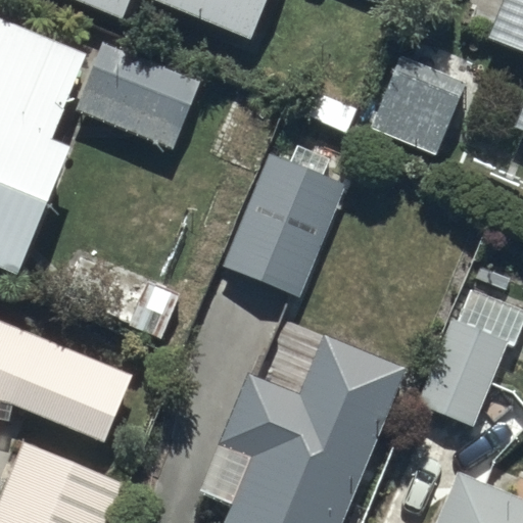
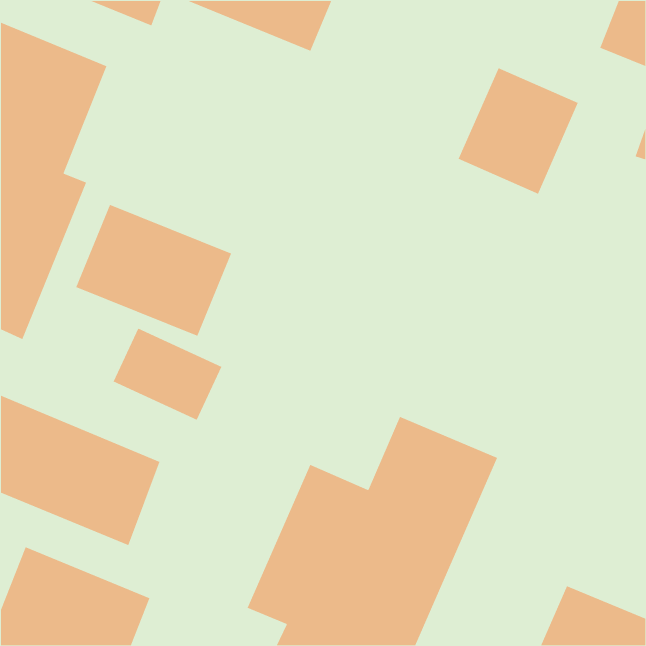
building: [74,43,200,150] -> [75,204,232,337]
building: [223,154,344,296] -> none
building: [419,320,510,427] -> none

